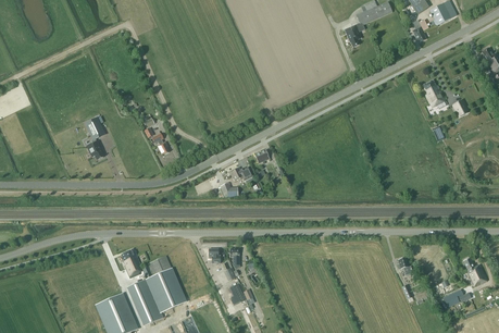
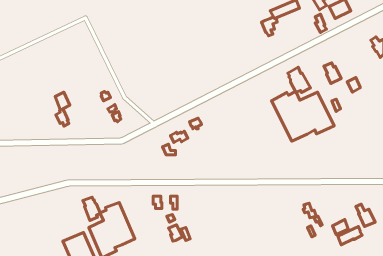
building: none -> [272,67,334,141]

